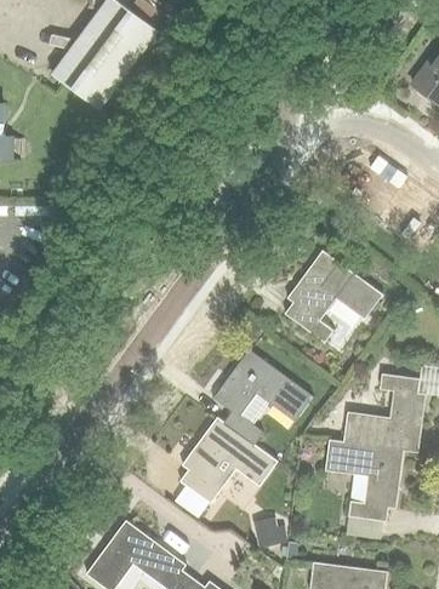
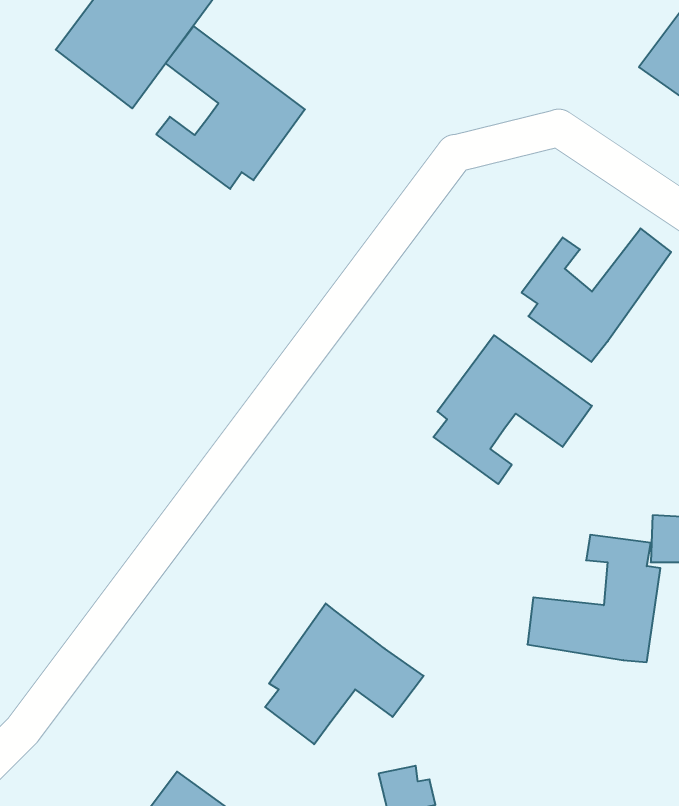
building: none -> [156,26,305,189]
building: none -> [522,228,671,362]
building: [212,349,312,444] -> none
building: [324,439,401,521] -> none

